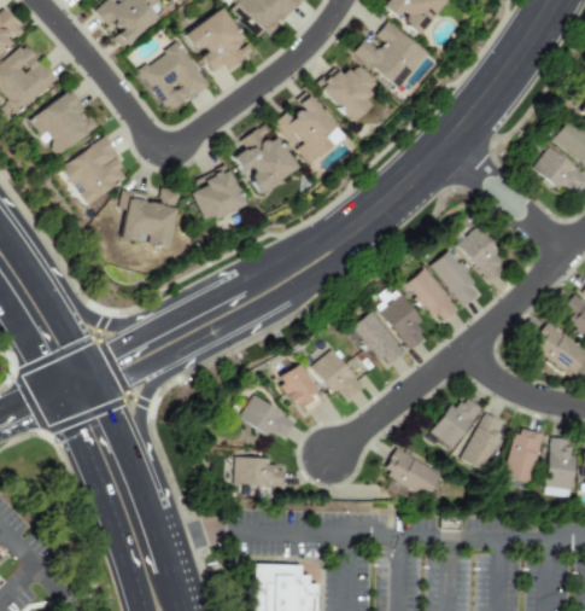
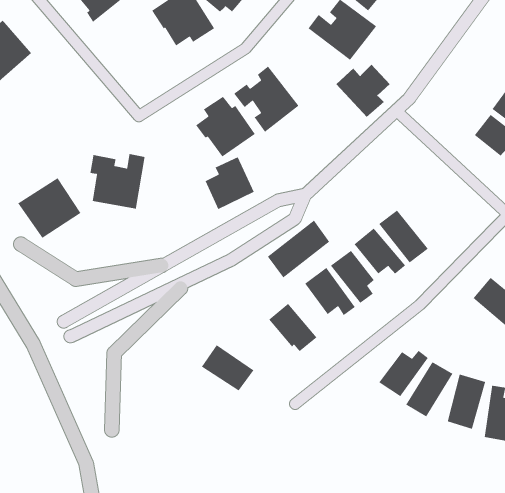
building: [140,45,209,114] -> none
building: [318,65,378,123] -> [335,64,390,118]
building: [33,91,99,157] -> none
building: [63,139,131,205] -> [17,177,81,239]
building: [192,167,246,225] -> [204,156,255,210]
building: [456,225,505,283] -> none
building: none -> [267,220,330,279]
building: [276,362,327,412] -> none
building: [381,447,443,500] -> none
building: [226,456,283,487] -> none

